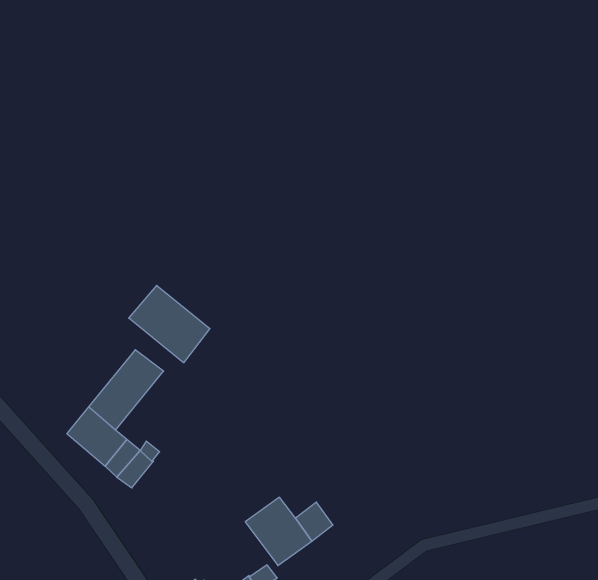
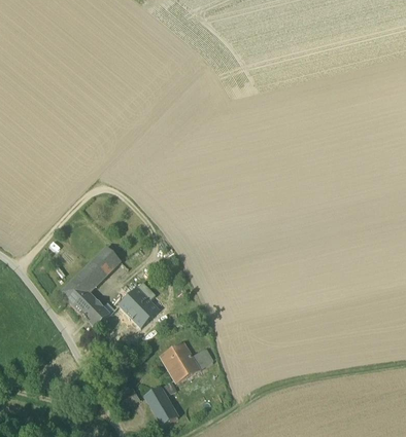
building: [129,285,210,363] -> none
building: none -> [119,280,159,327]

